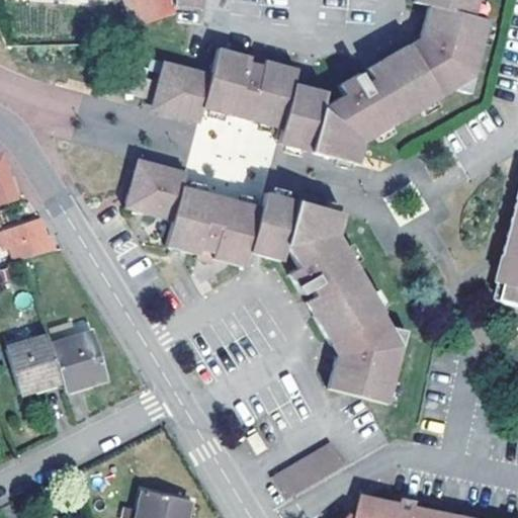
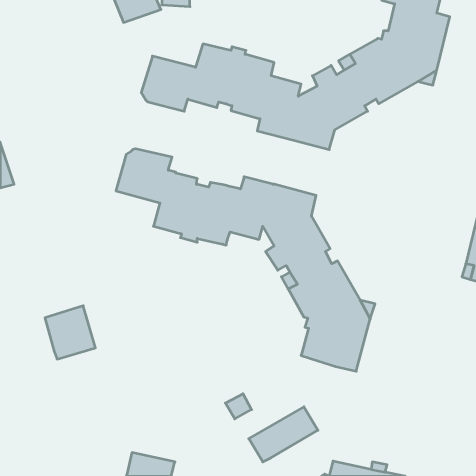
building: [9,220,54,259] -> none
building: [7,335,61,393] -> none

